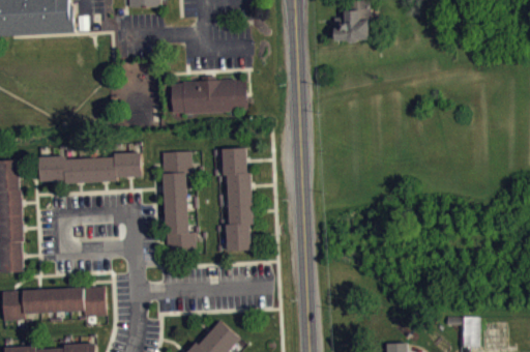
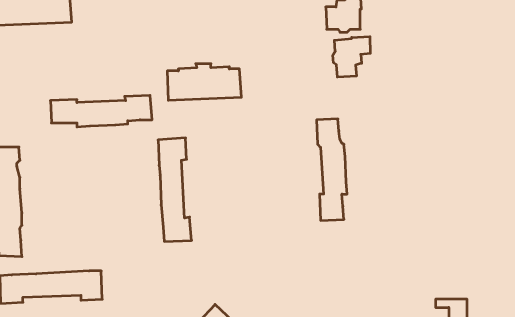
building: none -> [333,37,370,77]
building: [223,147,254,251] -> [317,119,347,220]
building: [38,151,142,183] -> [50,95,152,127]

